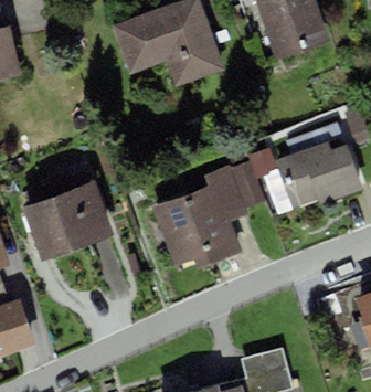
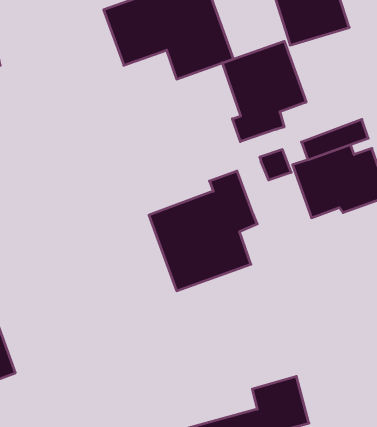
building: none -> [222,41,306,142]
building: [229,159,264,205] -> none
building: [26,181,113,256] -> none

